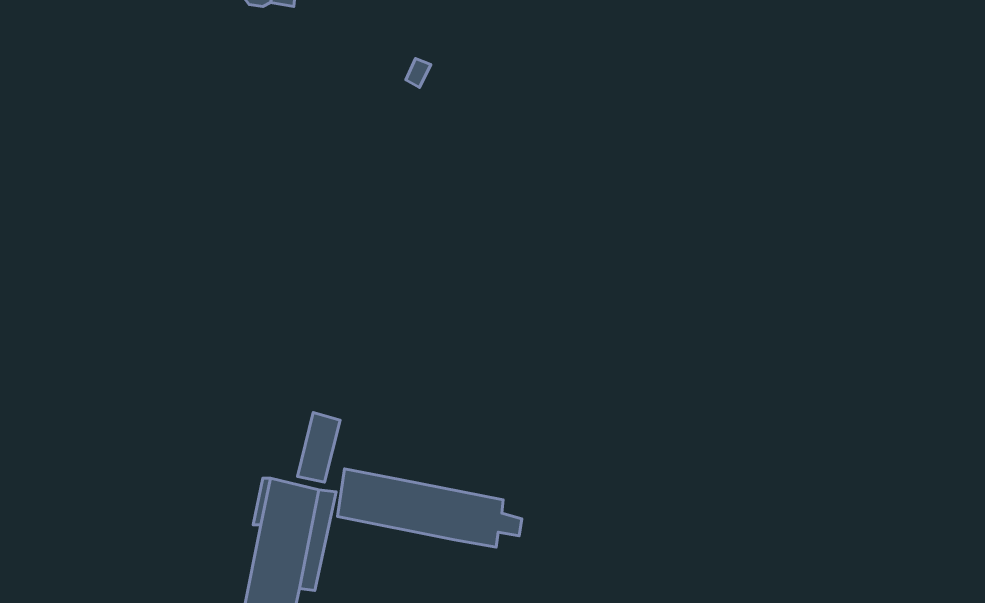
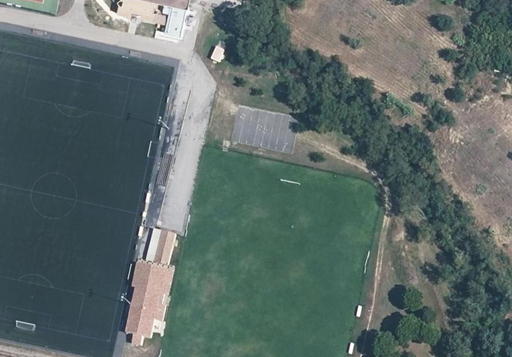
building: [337,469,522,547] -> none

